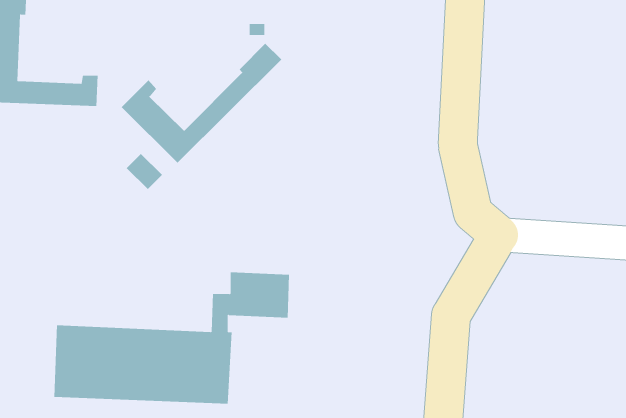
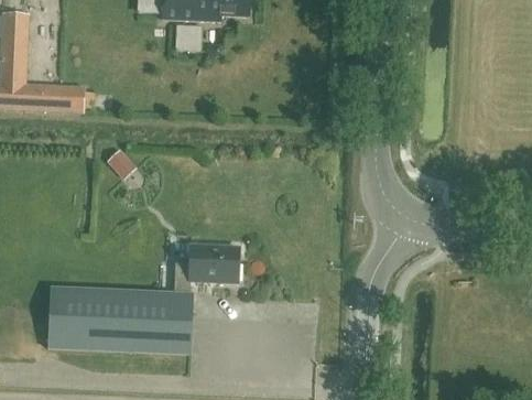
building: [121,43,282,164] -> none

